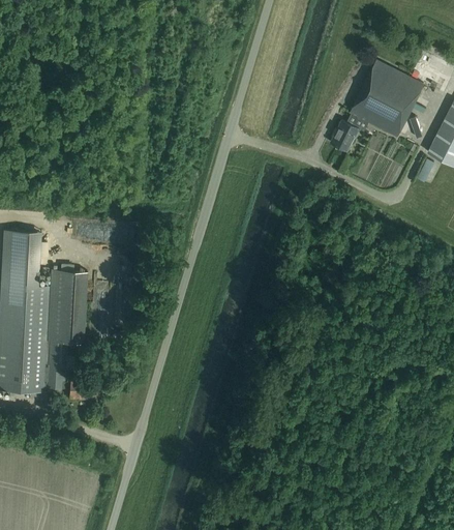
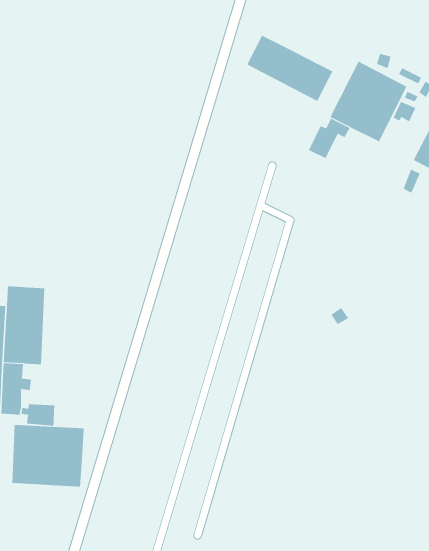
building: none -> [247,35,333,102]
building: none -> [12,424,85,488]

